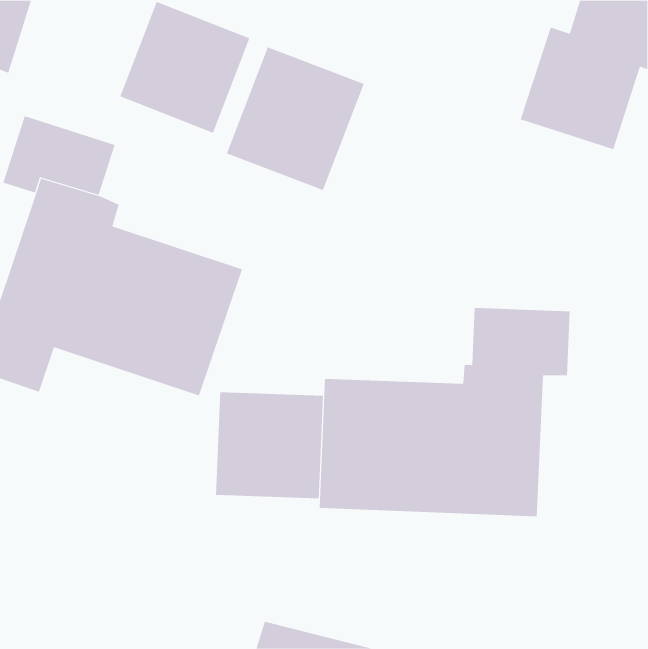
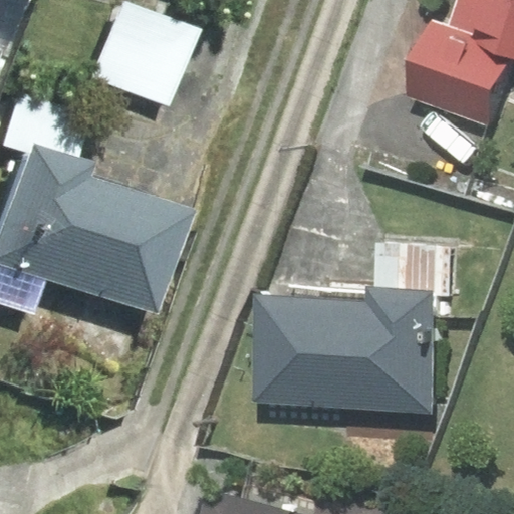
building: [226,47,365,191] -> none
building: [216,392,323,499] -> none

